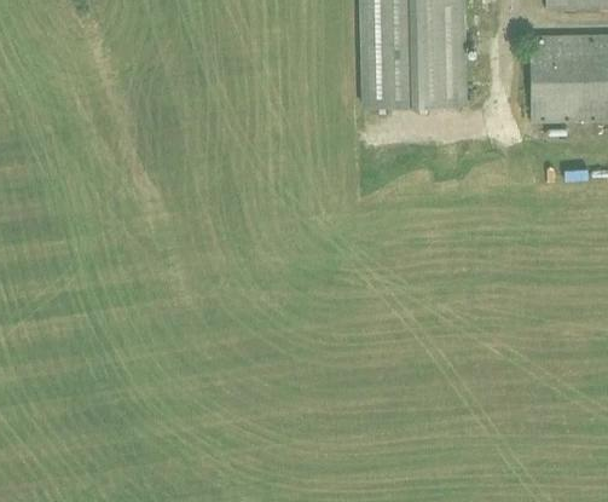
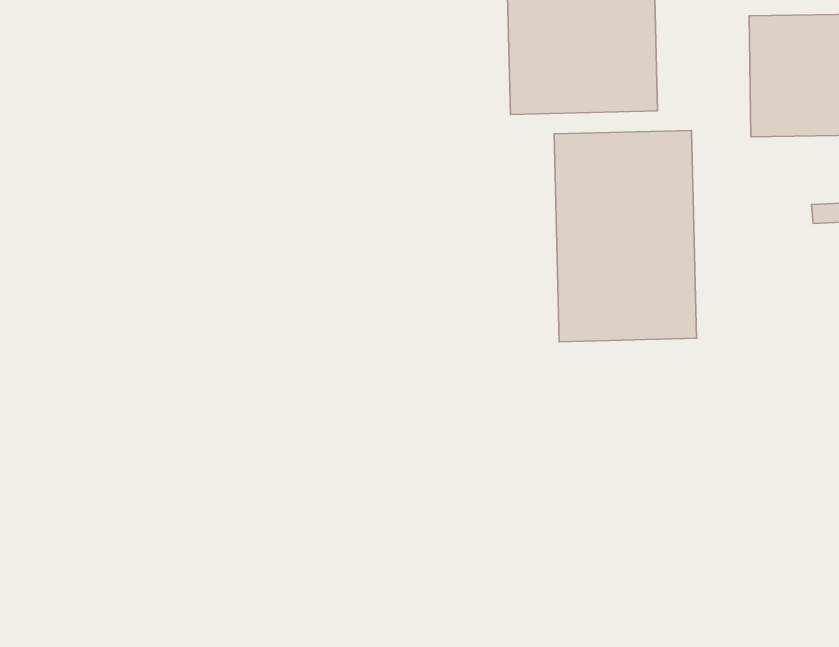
building: none -> [554,130,697,342]

